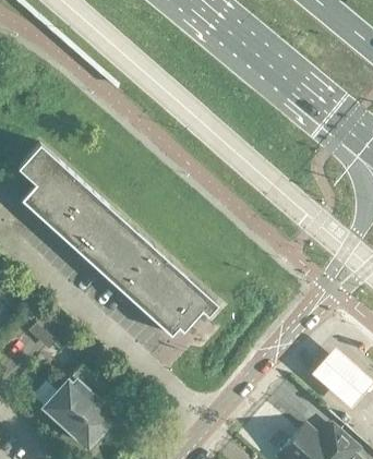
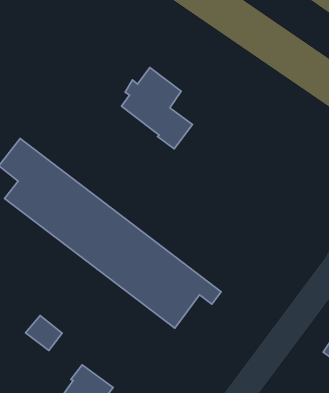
building: none -> [122,67,193,149]

